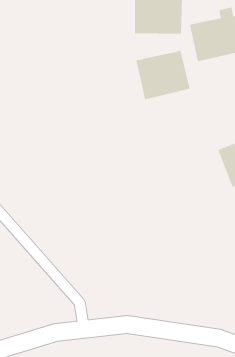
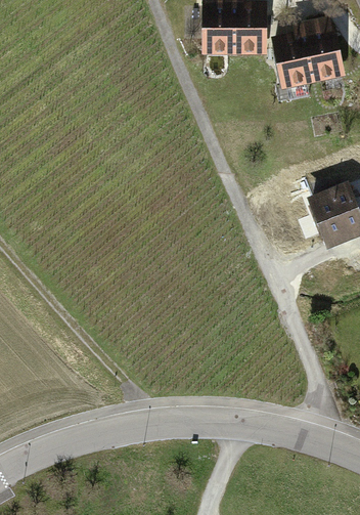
building: [136,50,190,100] -> none

